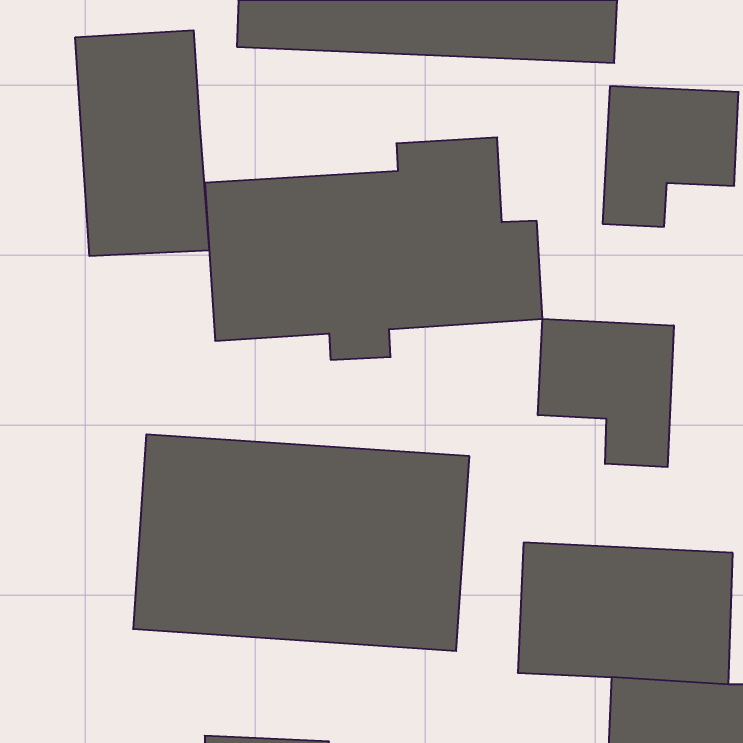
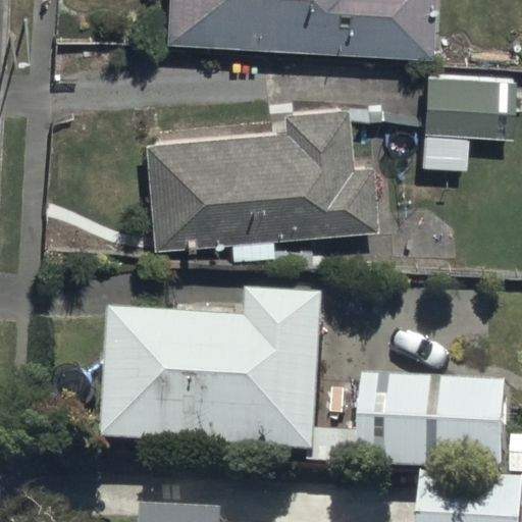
building: [75,30,209,256] -> none
building: [538,319,674,467] -> none

